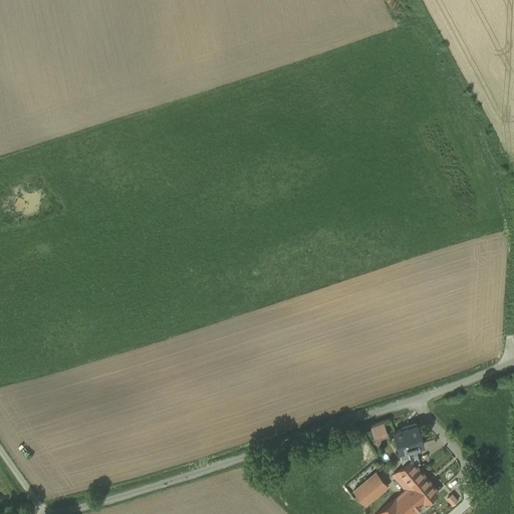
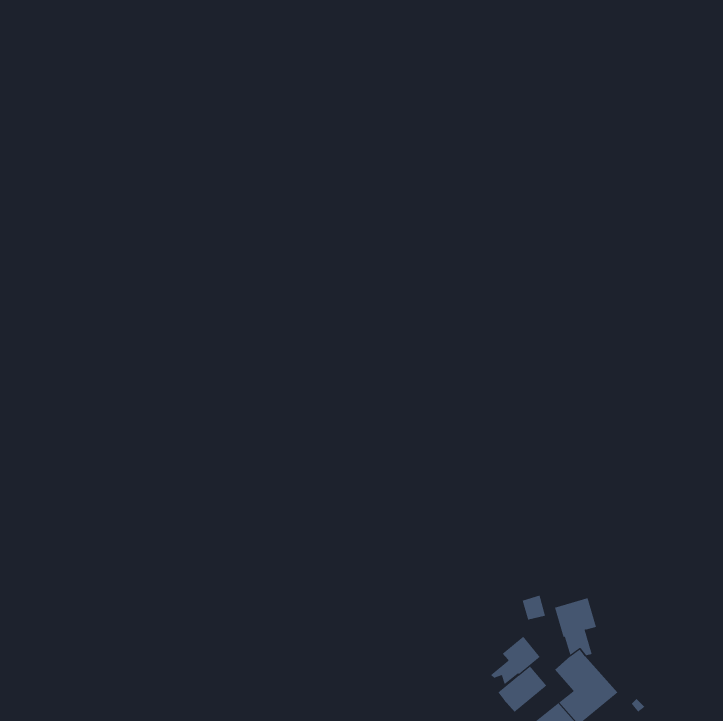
building: none -> [490,636,541,685]

